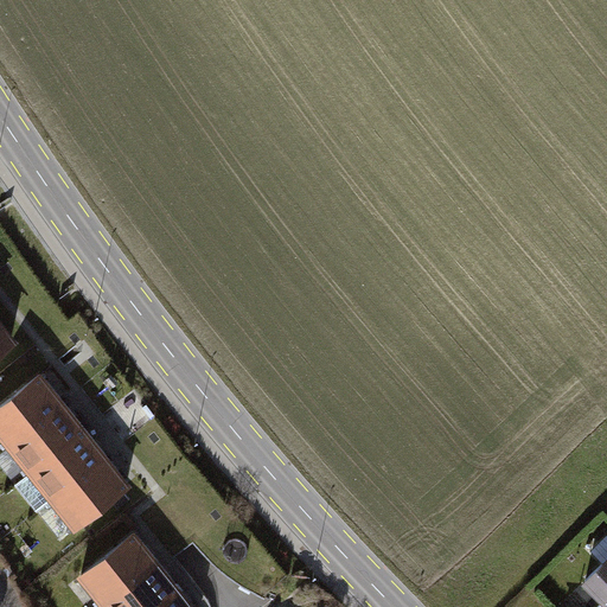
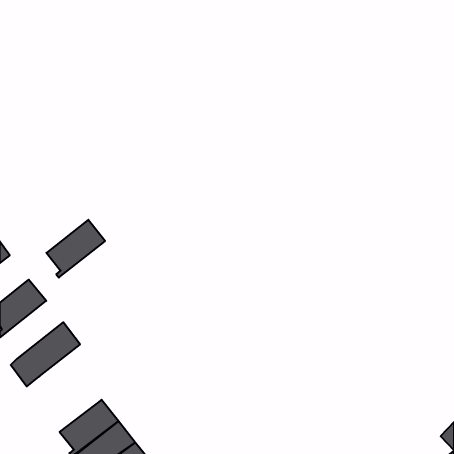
building: [6,402,84,479] -> [46,220,105,278]
building: [45,459,129,531] -> none

